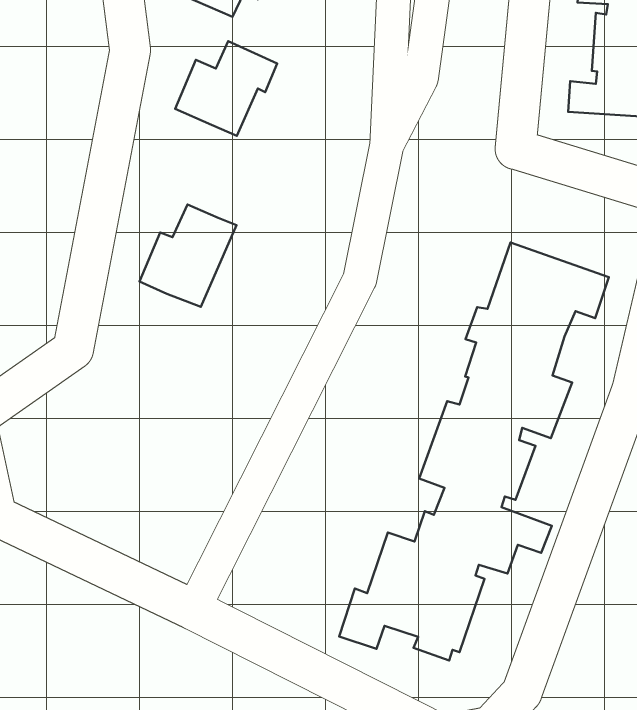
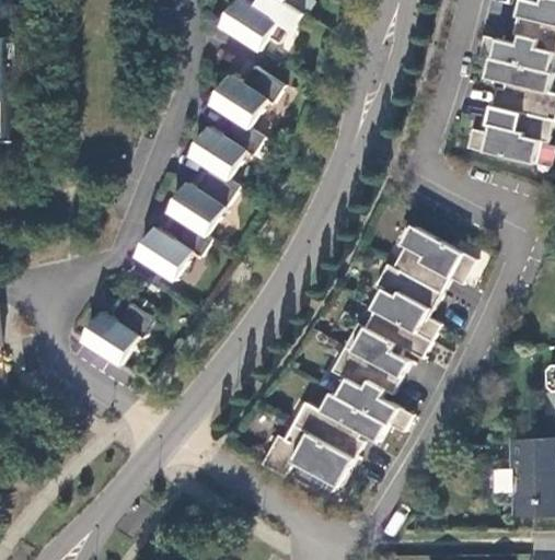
building: none -> [189,118,262,179]
building: none -> [136,223,210,280]
building: none -> [82,303,153,364]

